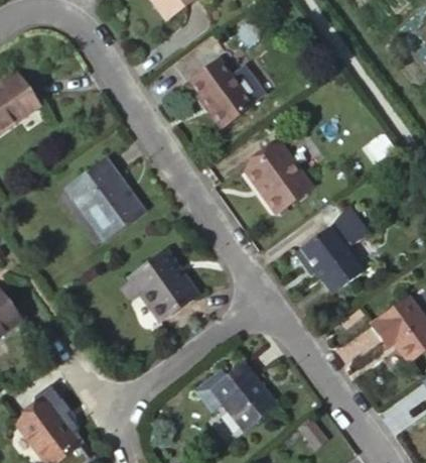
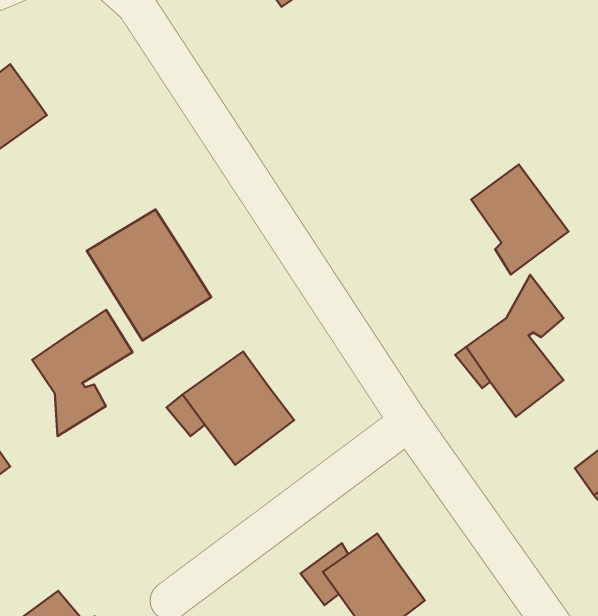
building: [192,60,252,127] -> none
building: [251,142,312,212] -> [471,165,568,275]
building: none -> [32,310,133,436]

